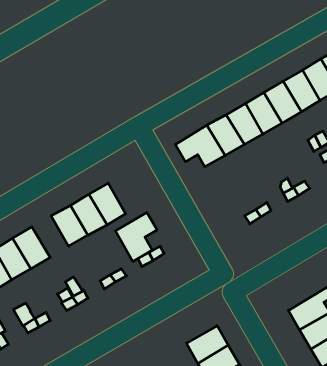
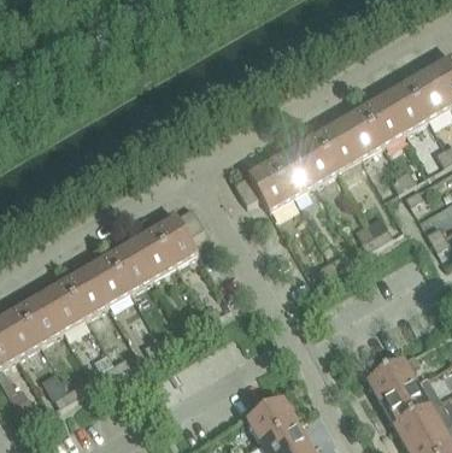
building: [115,213,157,261] -> [153,206,202,264]
building: none -> [63,266,106,316]

